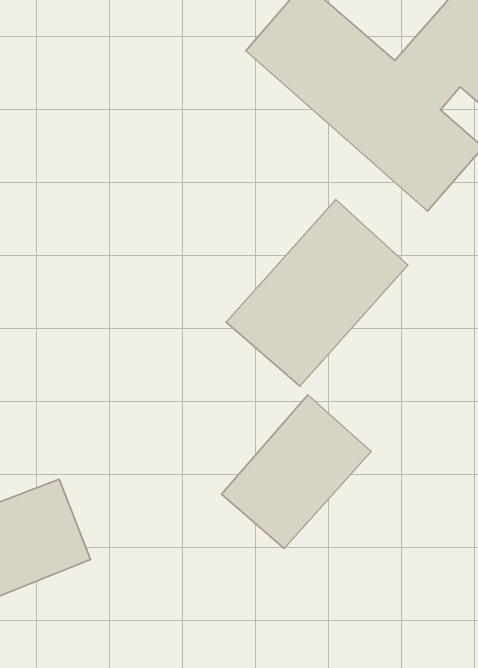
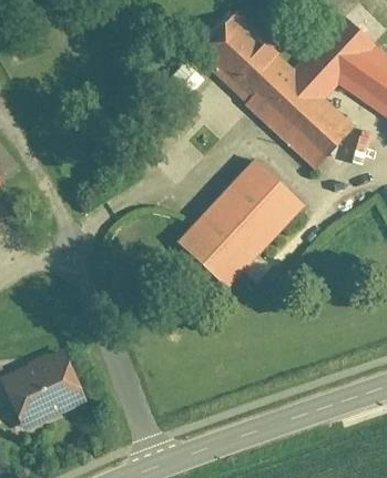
building: [221,395,371,548] -> none

